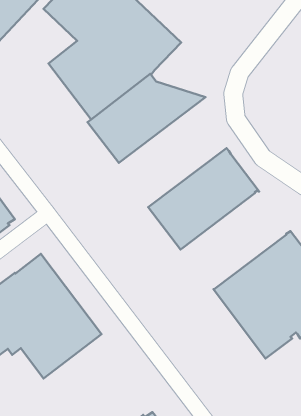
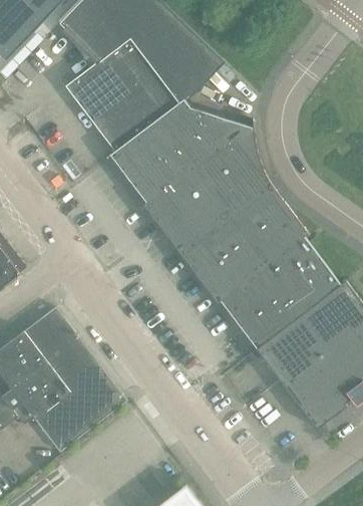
building: none -> [142,120,270,253]
building: none -> [220,237,339,348]

